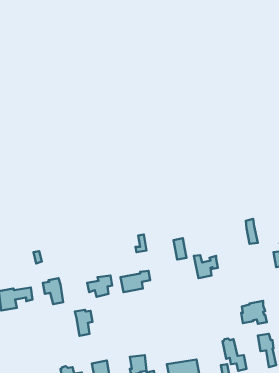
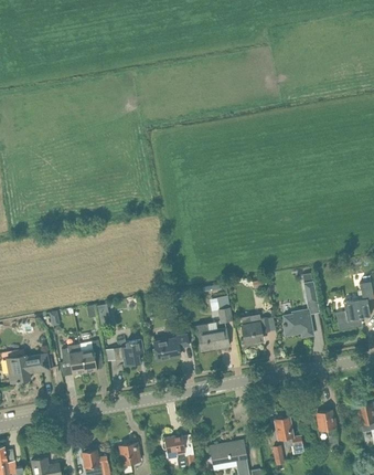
building: none -> [197,324,229,349]
building: [241,301,267,324] -> [282,309,313,337]
building: [75,310,92,336] -> [79,341,100,372]

